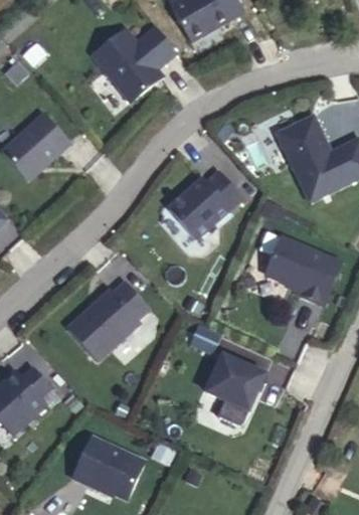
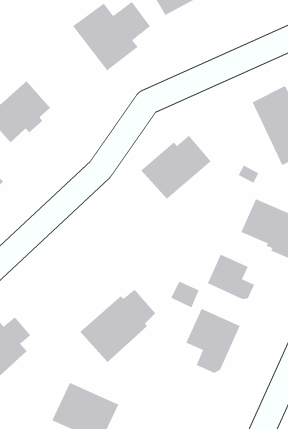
building: [62,281,145,360] -> [80,289,156,363]
building: none -> [207,254,255,300]

